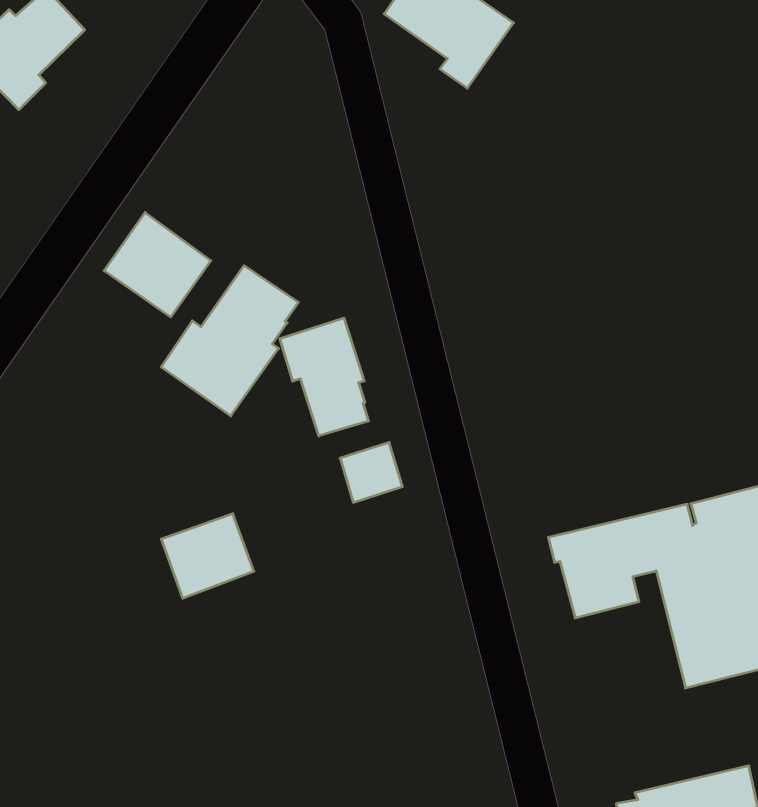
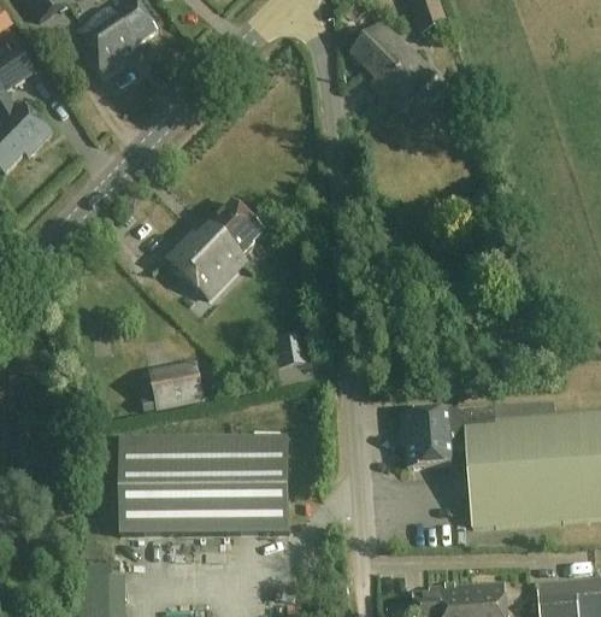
building: [104,212,211,317] -> none
building: [280,318,369,436] -> none
building: none -> [122,434,287,531]

